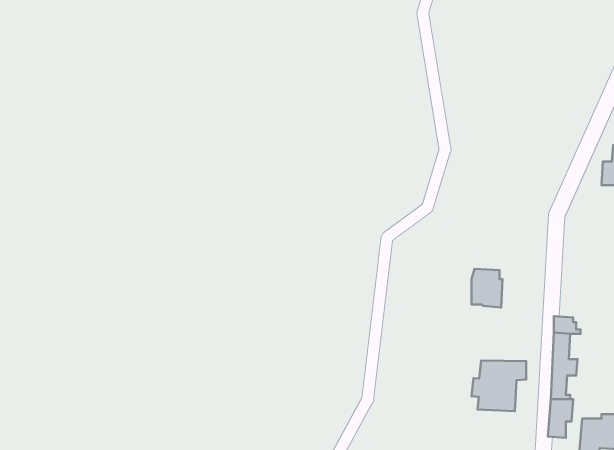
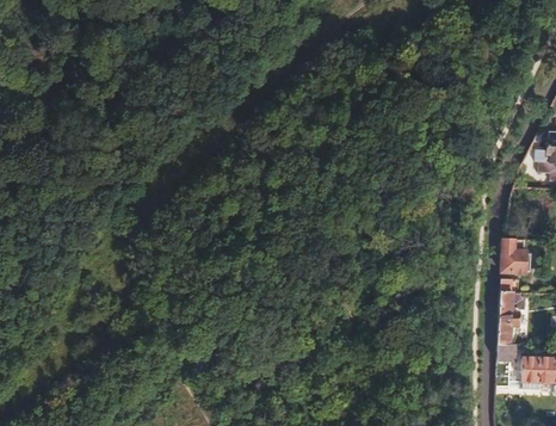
building: [471,269,503,307] -> [502,237,527,268]
building: [472,360,526,411] -> none

